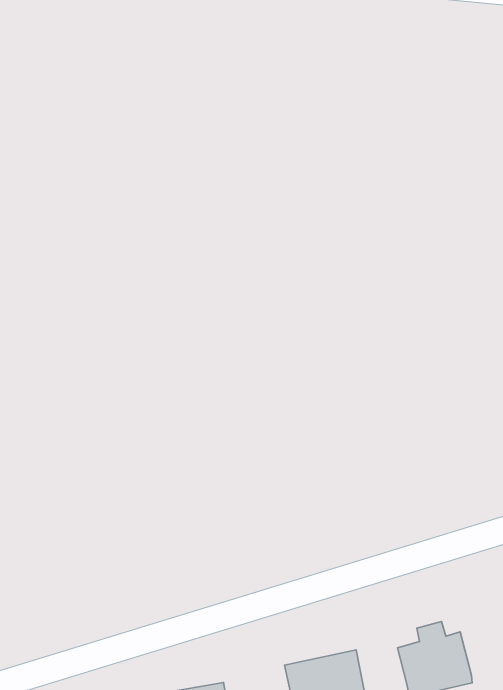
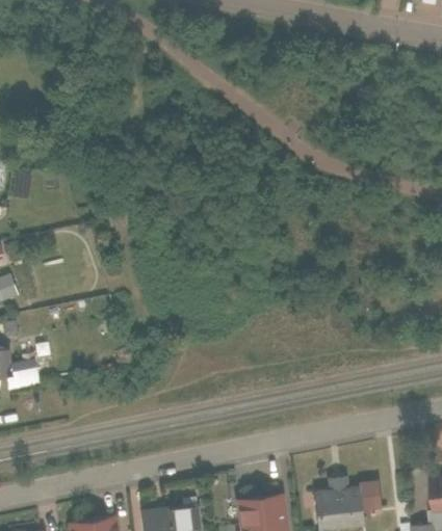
building: none -> [359,479,381,515]

